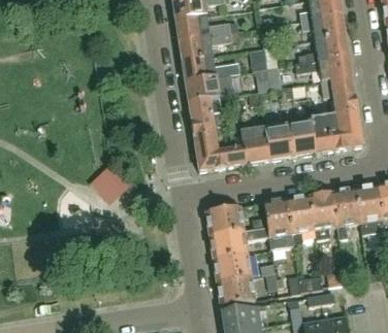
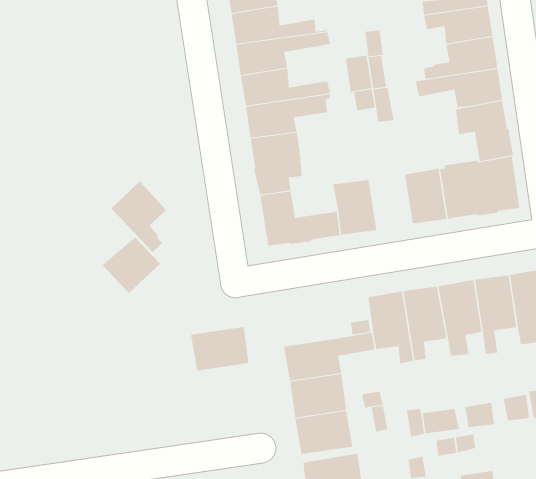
building: [265,124,293,160] -> none
building: none -> [110,181,167,259]
building: [205,206,244,235] -> [190,326,249,371]

